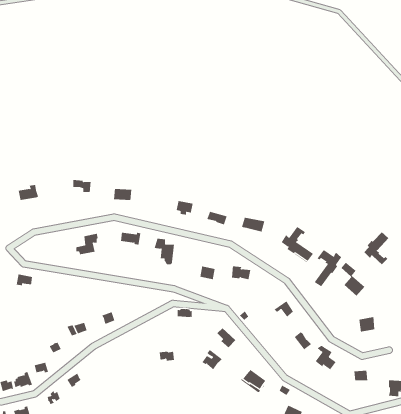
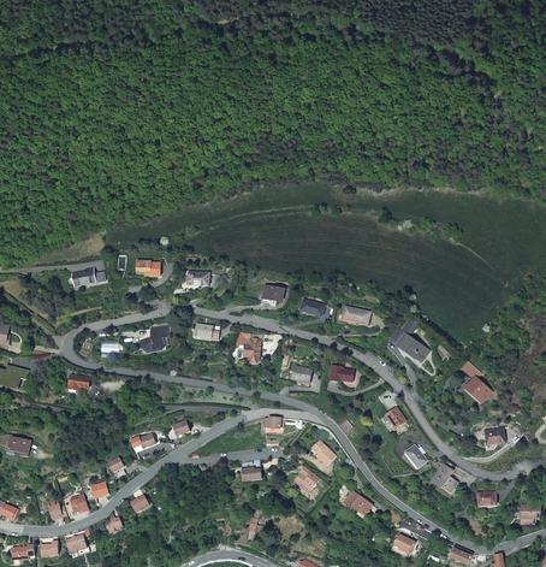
building: [363,232,389,265] -> none
building: [314,249,342,287] -> none

